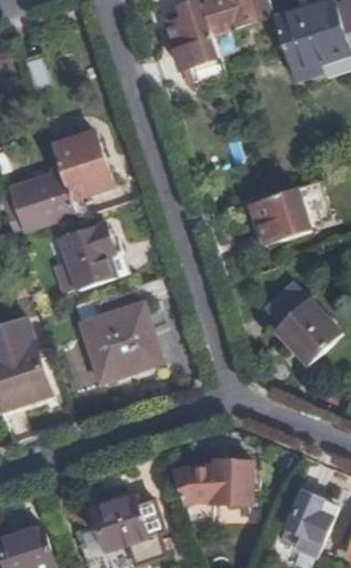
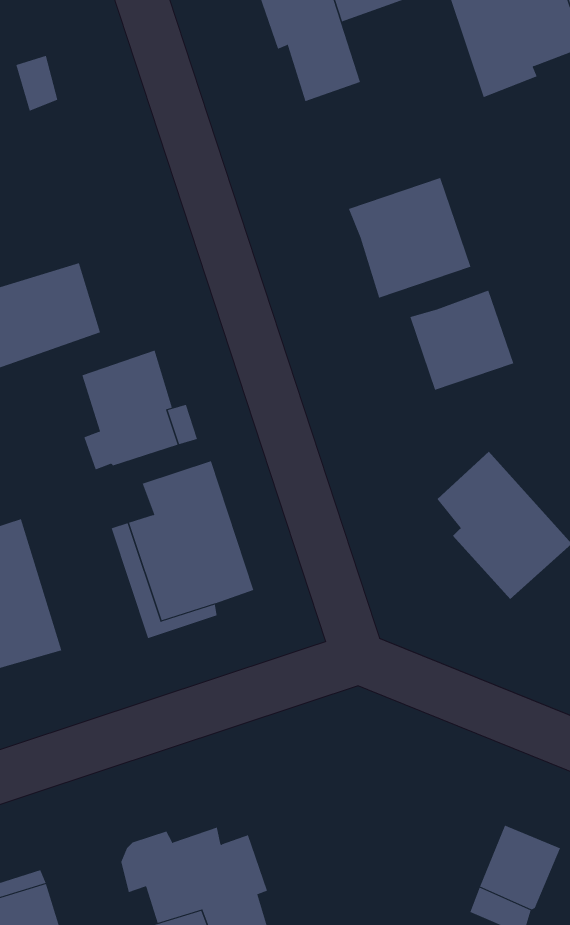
building: none -> [348,177,471,299]
building: [49,126,111,217] -> none
building: [172,460,252,531] -> none

